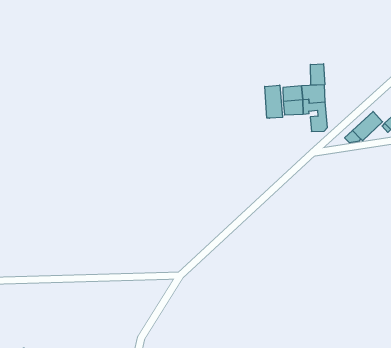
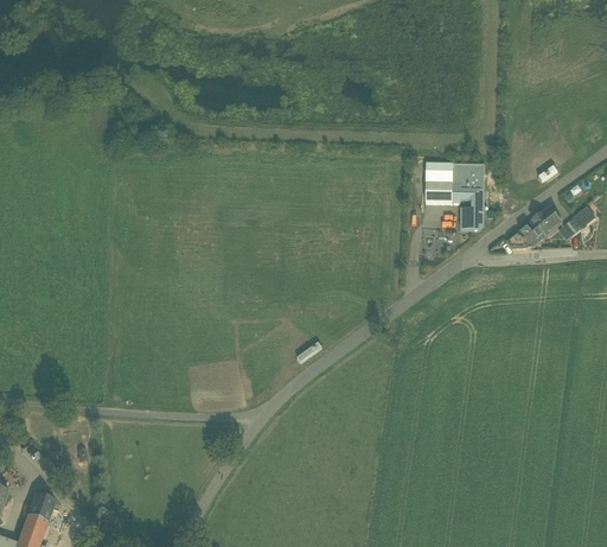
building: [310,64,325,85] -> none
building: [265,85,283,118] -> none

